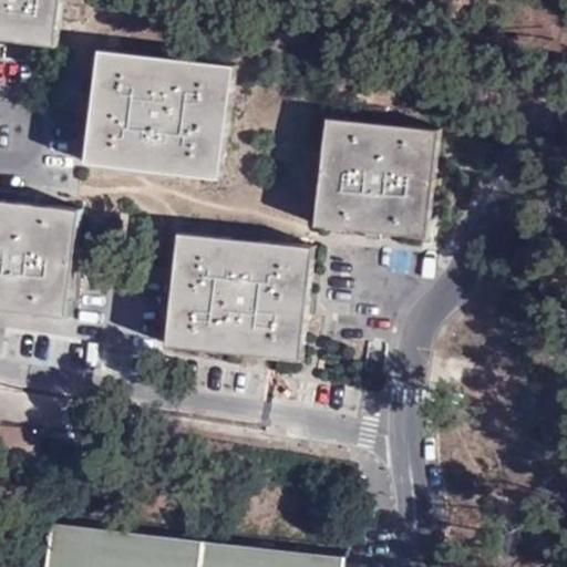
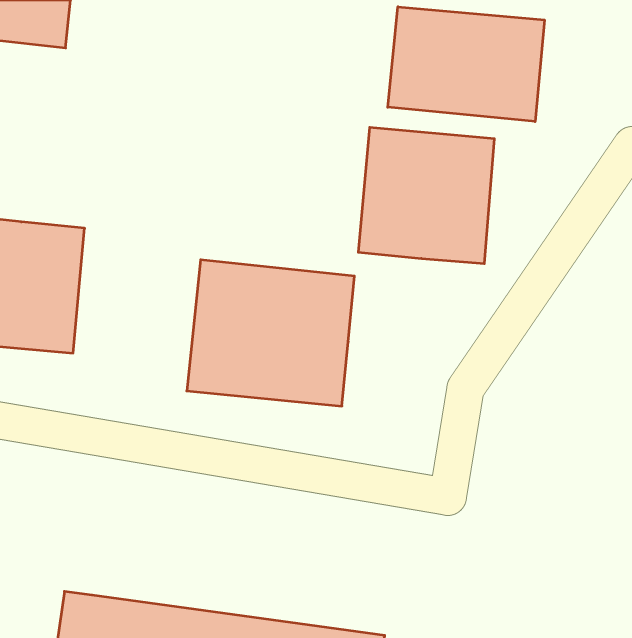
building: none -> [388,7,544,122]
building: [82,50,228,175] -> none

